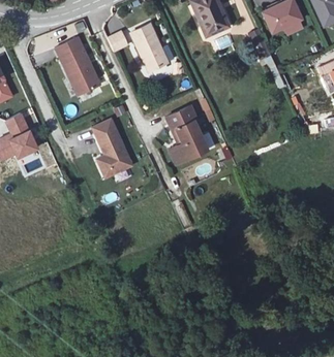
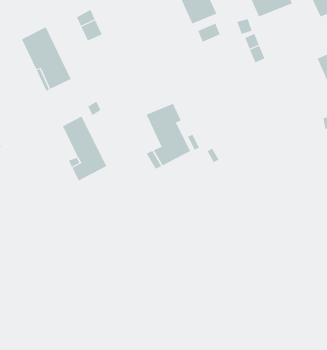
building: [133,24,168,71] -> none

